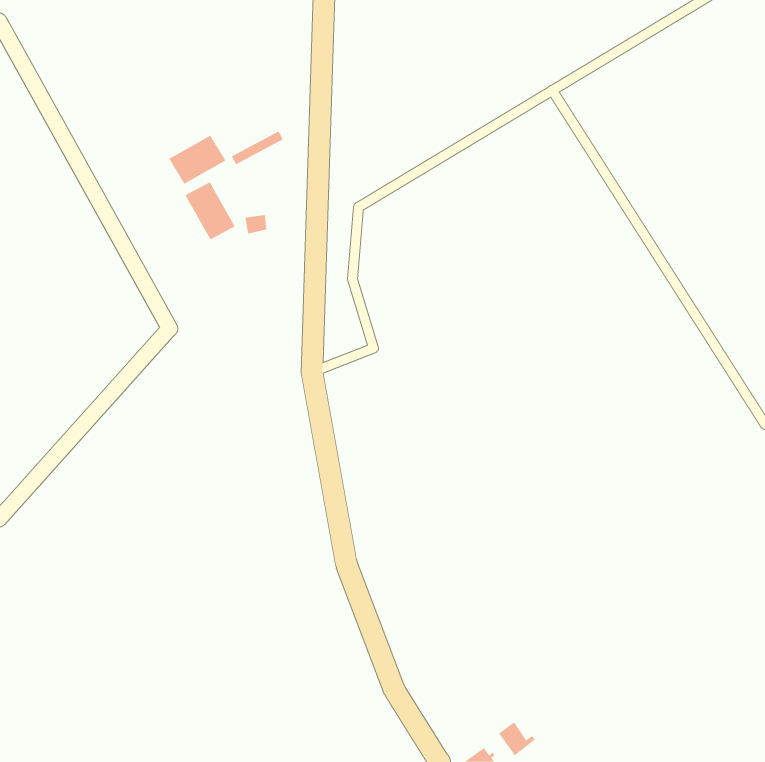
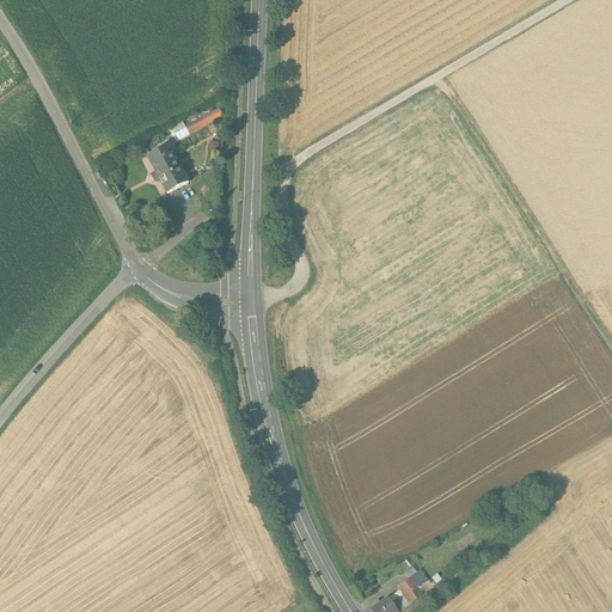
building: [169,135,226,184] -> none

